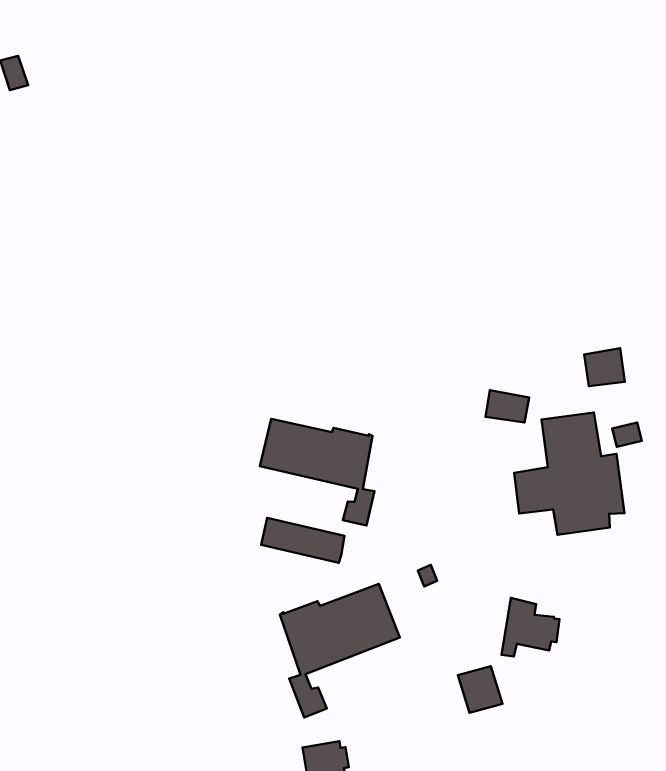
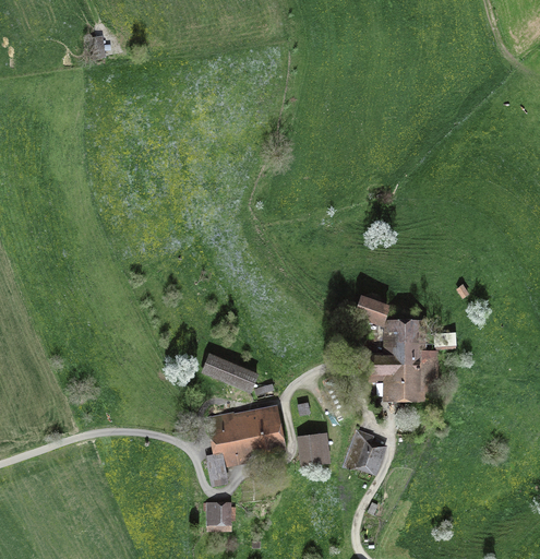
building: [584,348,625,386] -> none
building: [260,419,375,526] -> none
building: [458,666,503,713] -> [302,436,327,463]

